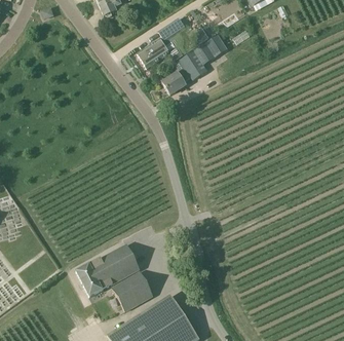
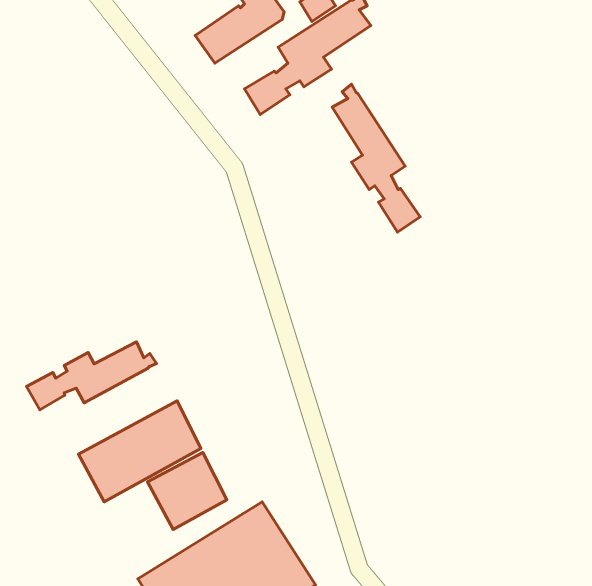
building: none -> [332,84,420,232]
building: none -> [27,342,157,410]

